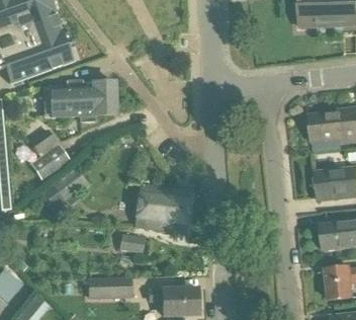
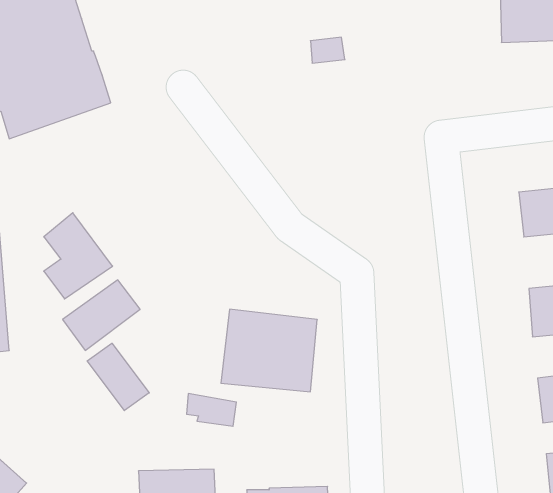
building: [42,80,115,121] -> none
building: none -> [87,343,149,411]

